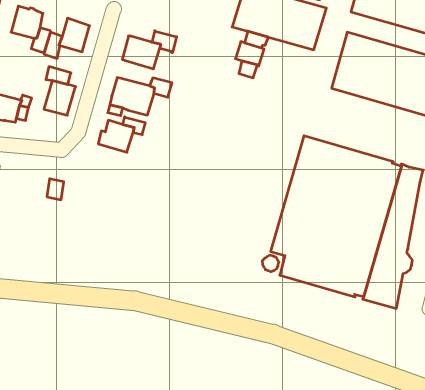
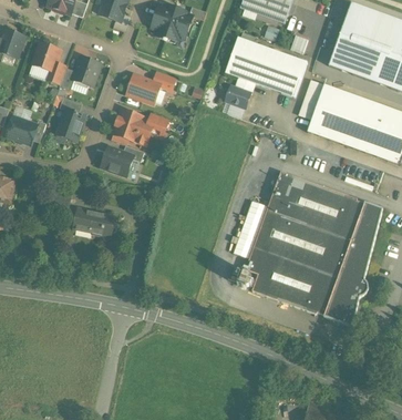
building: none -> [73,208,114,236]

